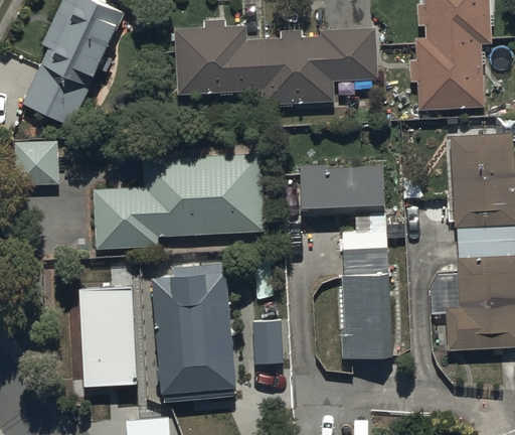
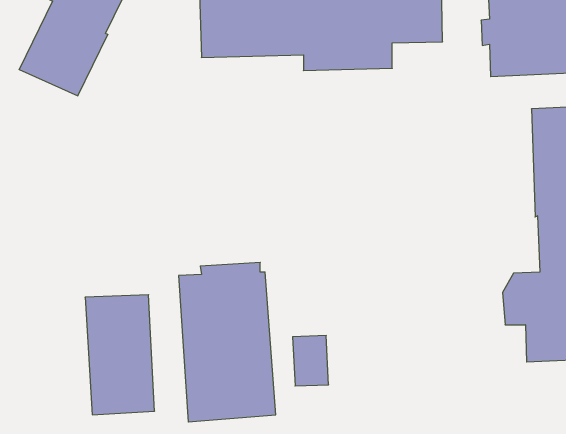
building: [20,141,59,185] -> none
building: [93,152,263,249] -> none
building: [300,163,393,358] -> none

